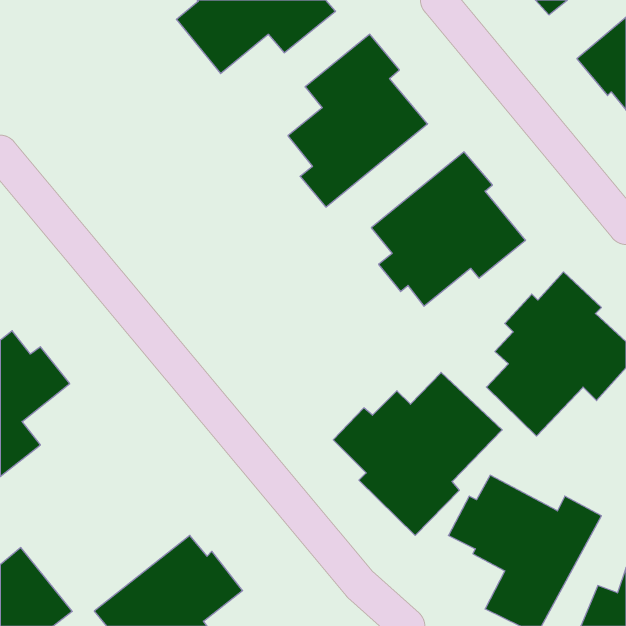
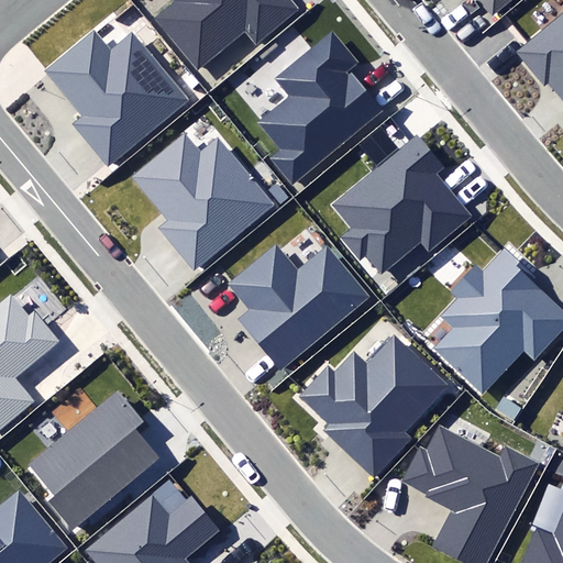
building: none -> [45,31,187,167]
building: none -> [132,132,272,269]
building: none -> [228,242,371,368]
building: none -> [27,390,159,529]

